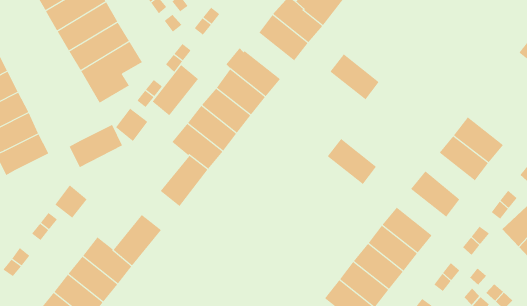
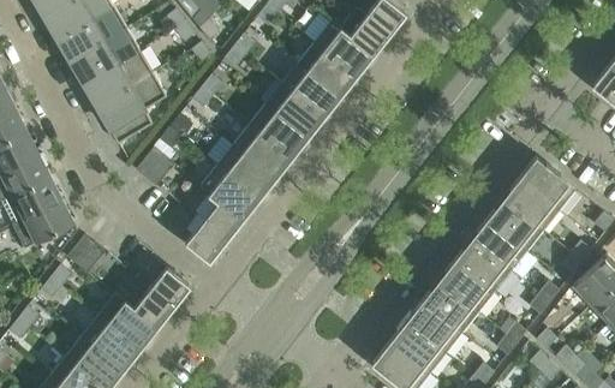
building: [330,54,380,100] -> [282,64,339,117]
building: [152,64,199,116] -> none
building: [69,124,123,168] -> [12,201,73,250]
building: [327,138,377,185] -> [454,240,510,293]
building: none -> [486,199,543,252]

